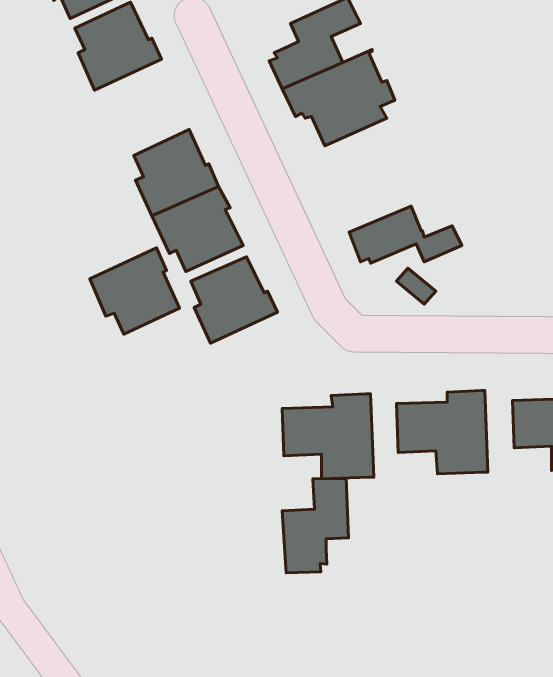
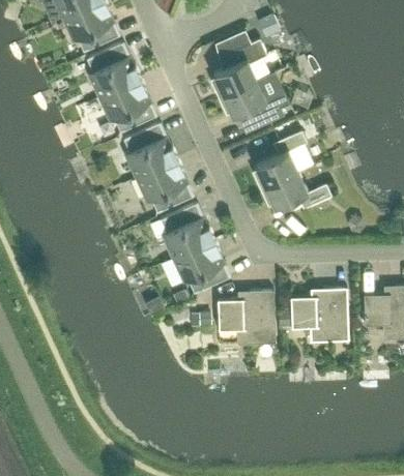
building: none -> [98,78,155,131]
building: none -> [252,129,314,187]
building: [90,248,179,334] -> [172,238,229,293]
building: [282,478,348,573] -> none

